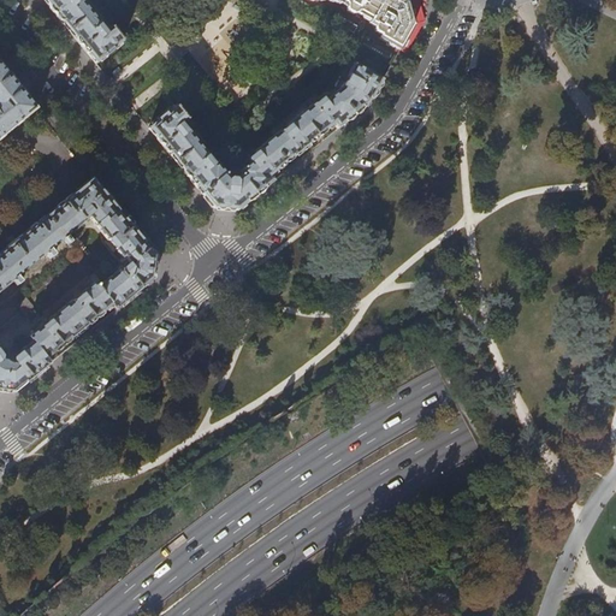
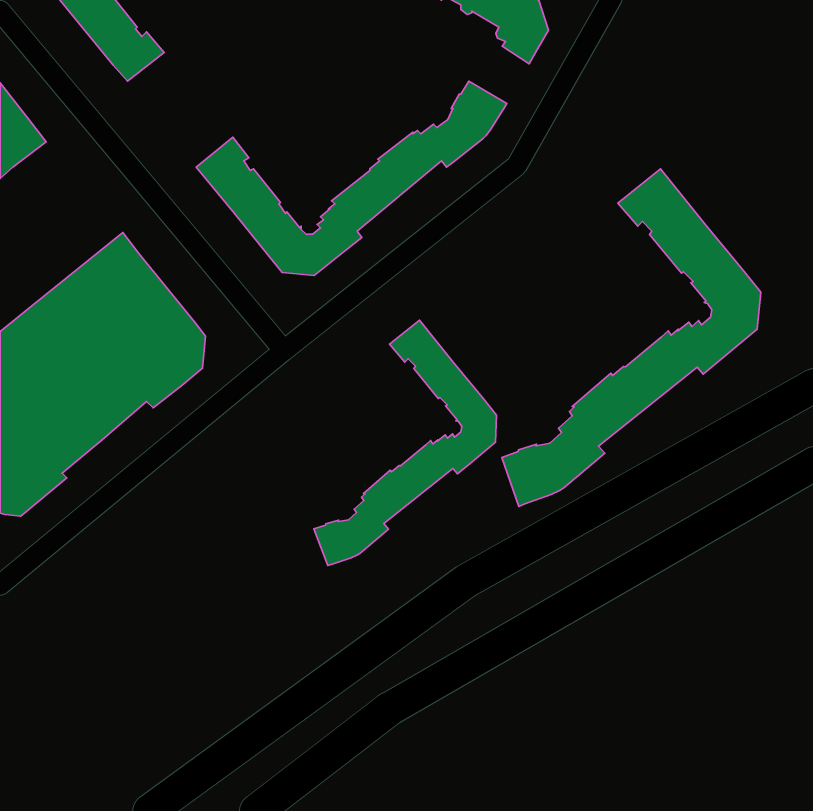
building: none -> [502,169,761,506]
building: none -> [314,320,497,566]

